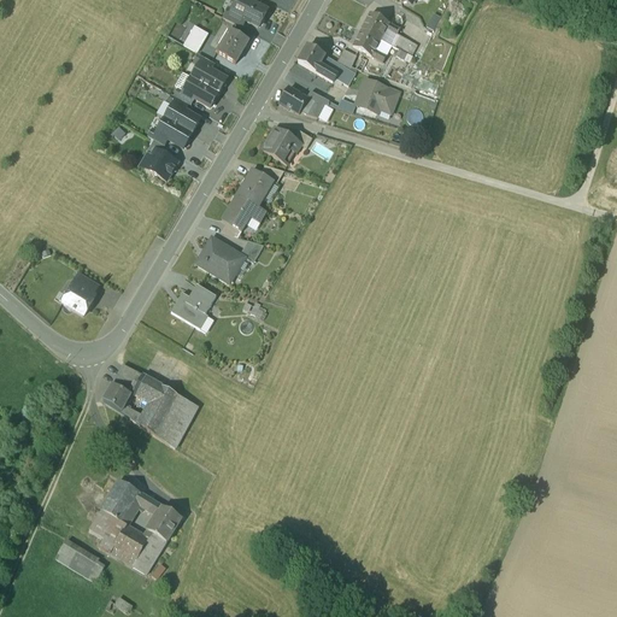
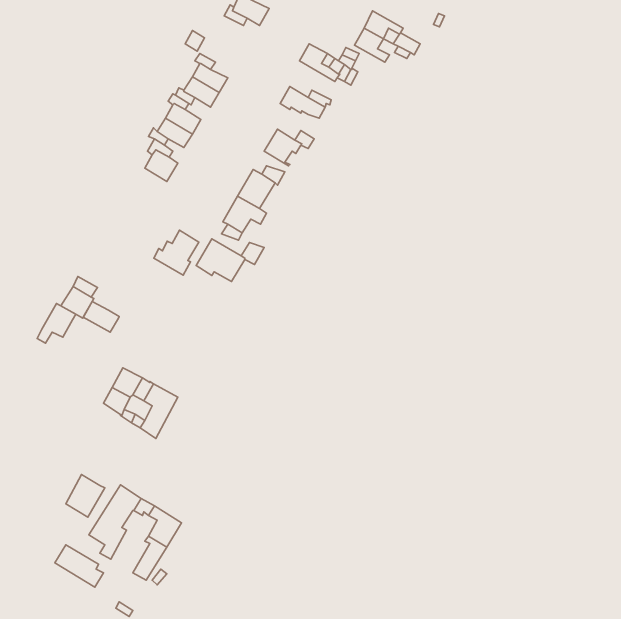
building: [217,28,248,61] -> none
building: [355,78,399,112] -> none
building: [171,283,216,328] -> [154,230,199,275]
building: none -> [83,301,119,332]
building: none -> [37,303,76,343]
building: [154,393,198,447] -> none
building: [111,524,149,566] -> [66,475,105,517]

